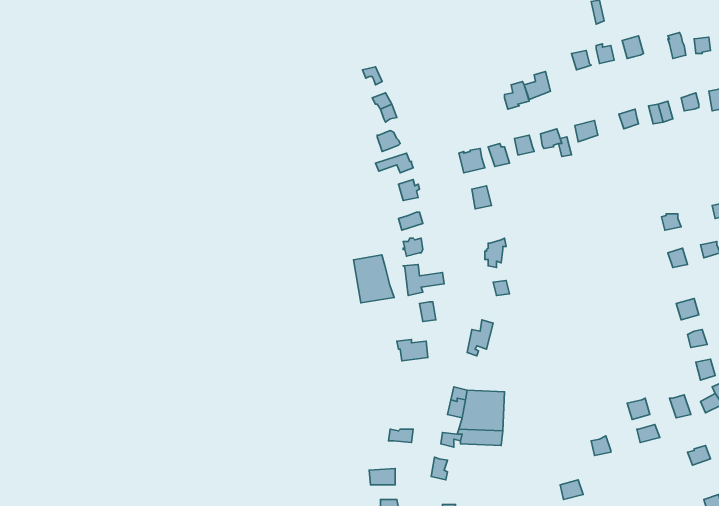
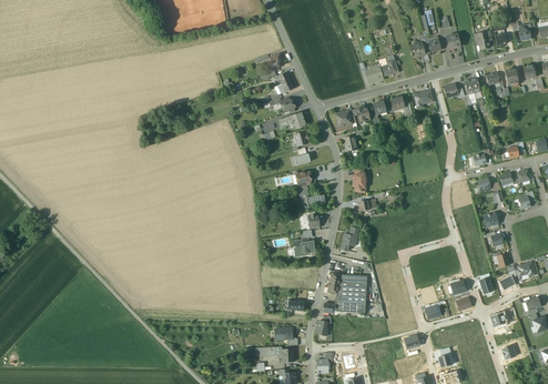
building: [354,255,394,303] -> none

